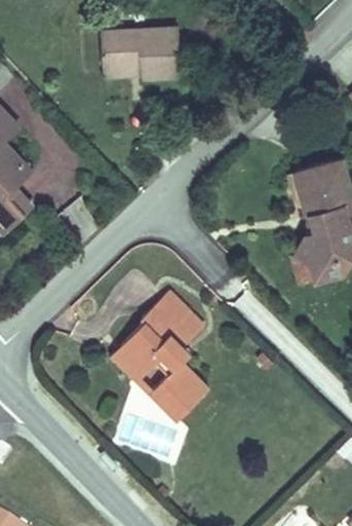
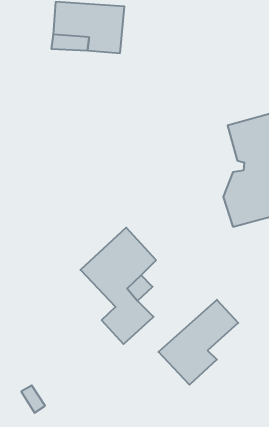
building: [105,337,162,396] -> none
building: none -> [158,300,238,385]

